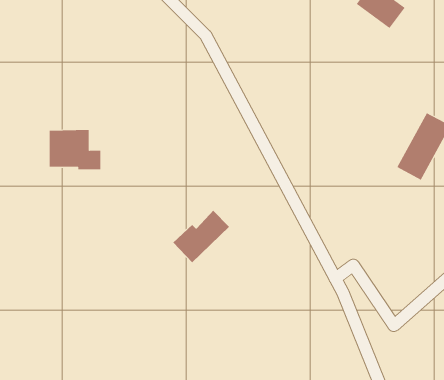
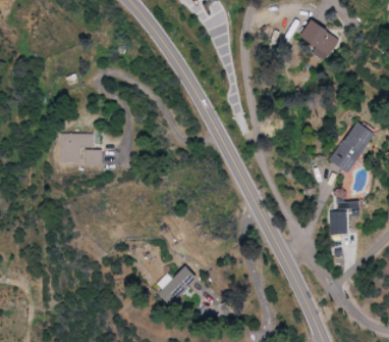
building: [172,210,230,263] -> [154,265,199,307]
building: none -> [328,202,359,234]

